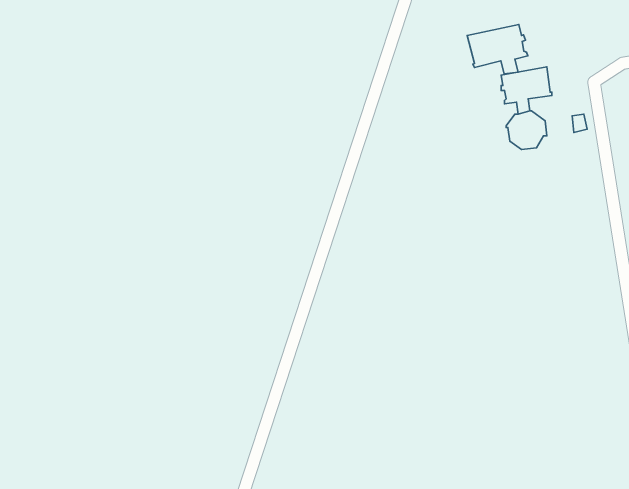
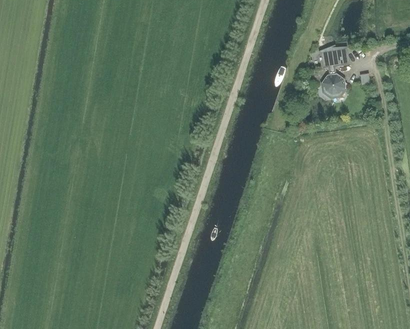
building: [467,24,528,74] -> none

